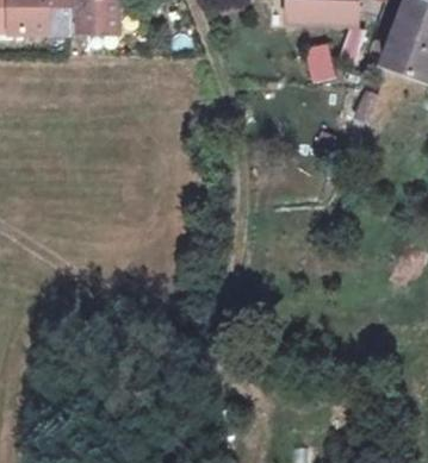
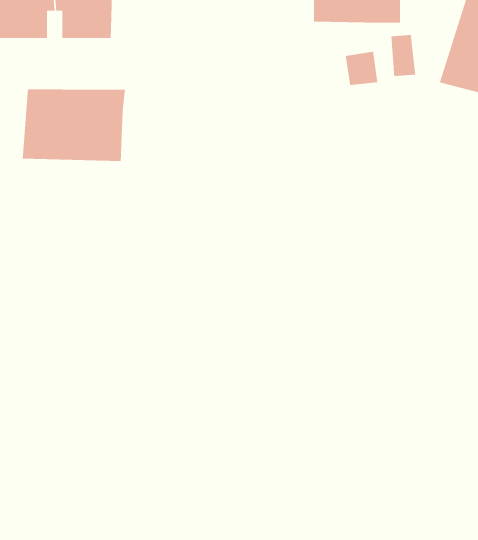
building: none -> [22,89,126,162]

